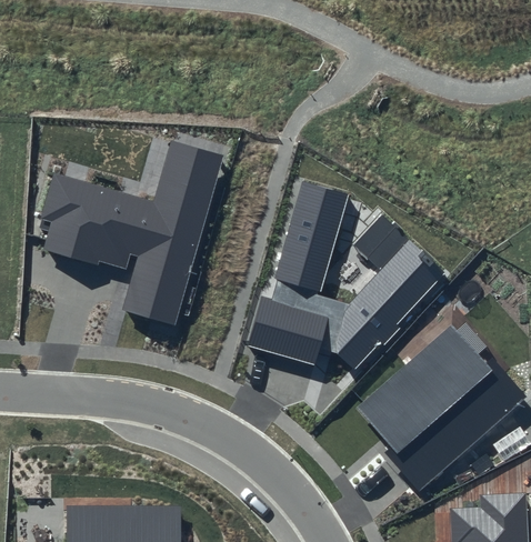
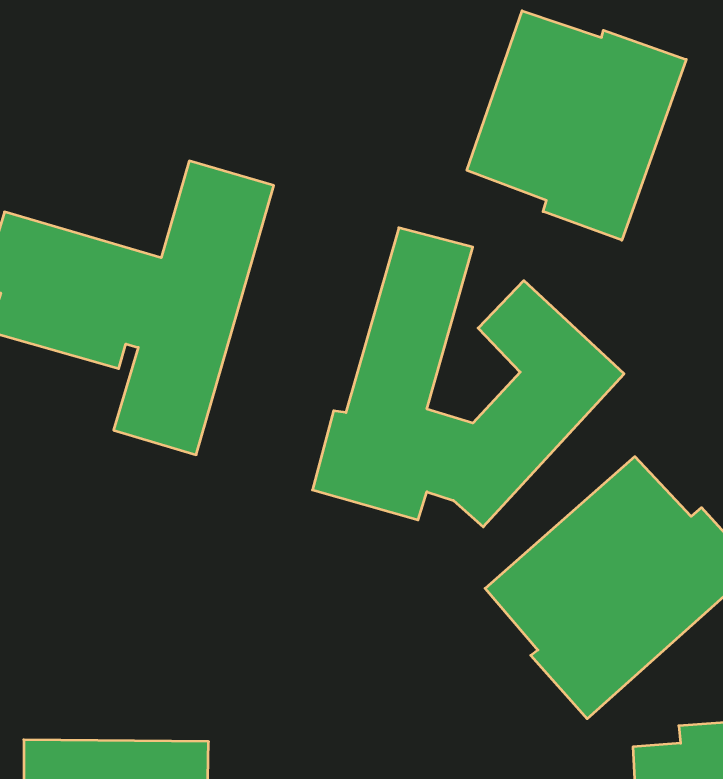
building: none -> [467,11,686,240]

